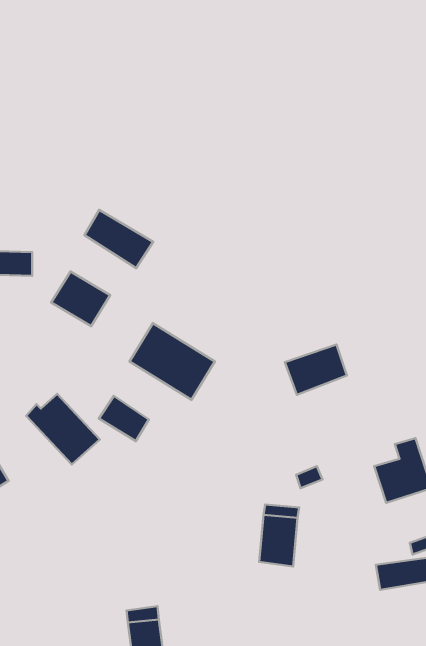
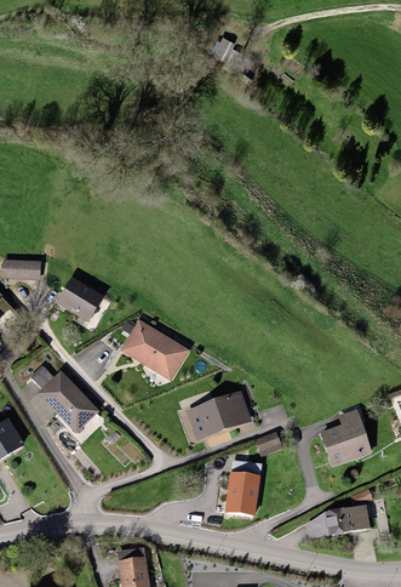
building: [85,210,153,268] -> none
building: [285,345,347,395] -> [197,393,248,434]
building: [99,396,149,441] -> none

